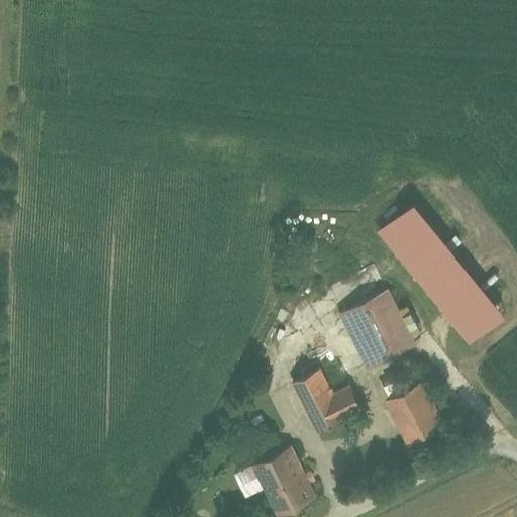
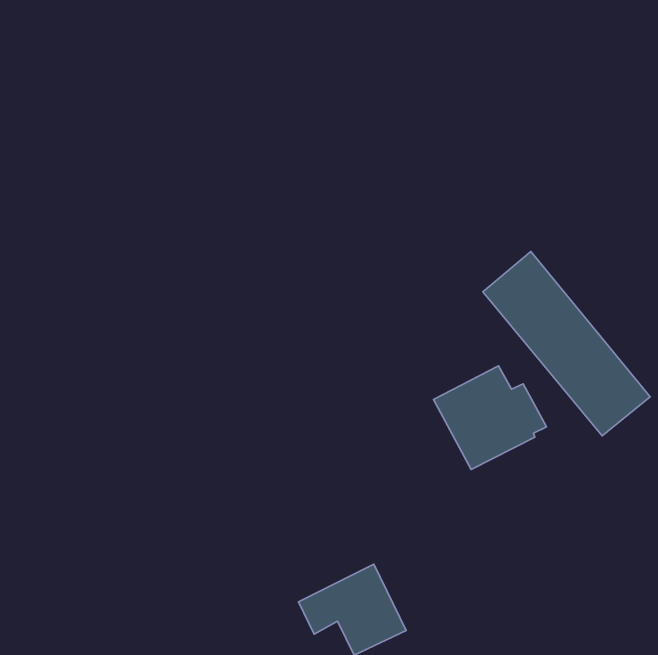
building: [290,369,363,434] -> none
building: [383,382,444,445] -> none

